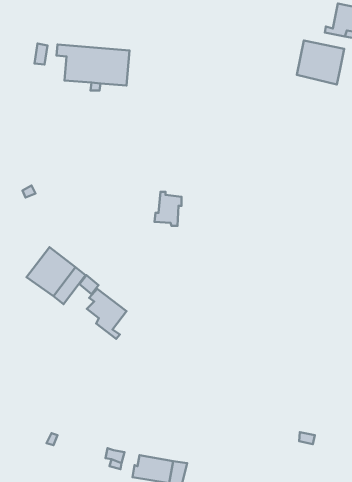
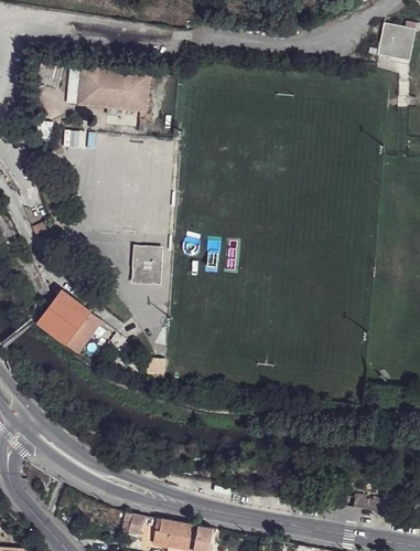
building: [297,41,344,84] -> none
building: [155,192,182,226] -> [131,246,161,284]
building: [87,289,127,339] -> none

